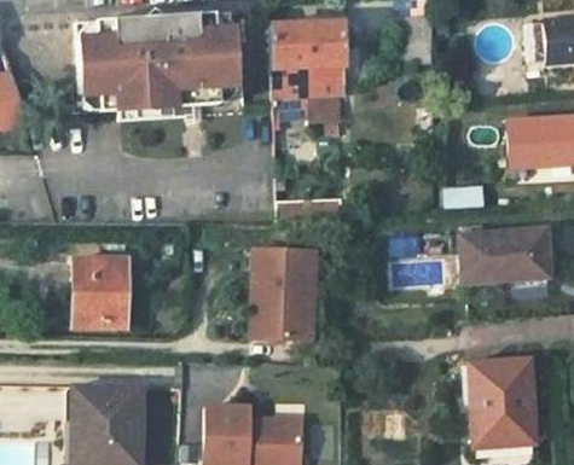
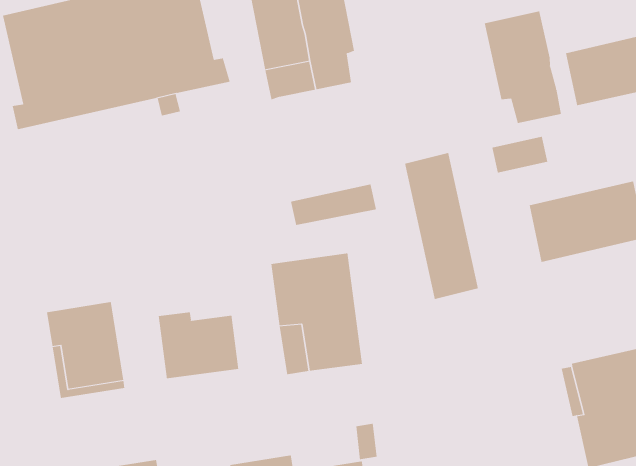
building: none -> [484,11,562,124]
building: none -> [405,152,479,300]
building: none -> [158,311,239,379]

